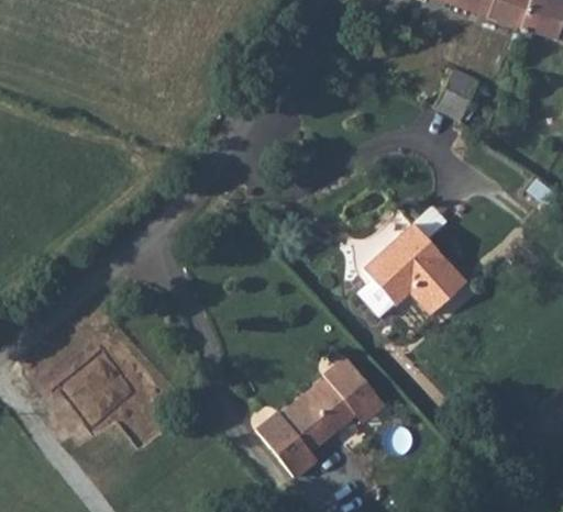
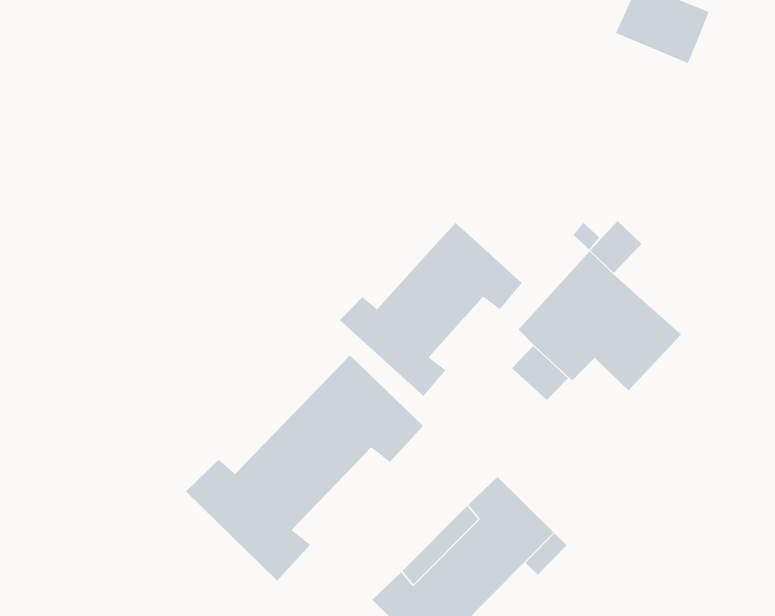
building: none -> [339,222,523,397]
building: none -> [185,355,424,582]

